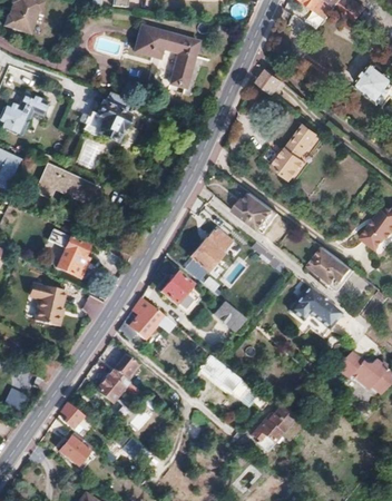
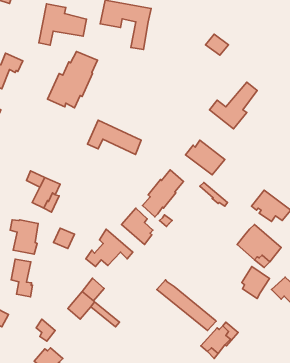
building: none -> [39,4,87,45]
building: [35,165,97,205] -> [88,120,141,155]
building: [213,302,245,332] -> none
building: none -> [11,259,33,297]
building: none -> [242,267,270,298]

